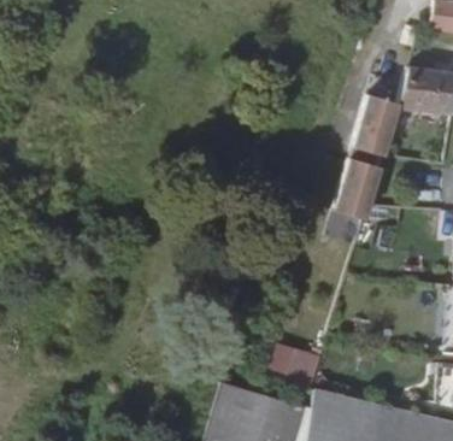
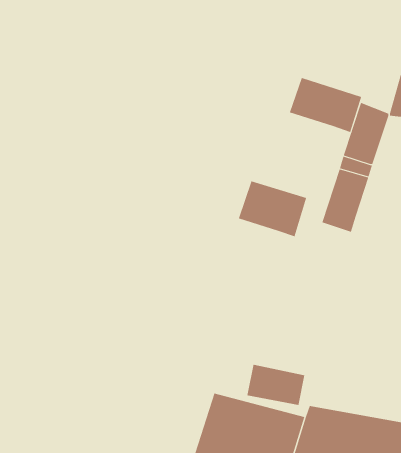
building: none -> [289,77,362,133]
building: none -> [238,180,307,237]

